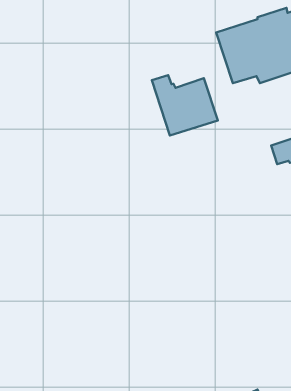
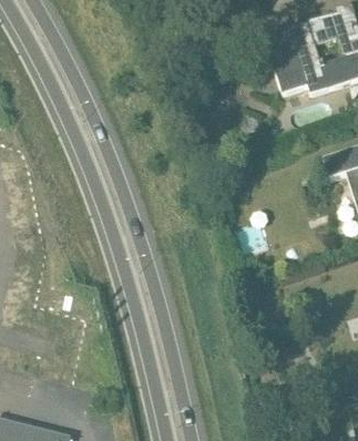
building: [152,75,218,136] -> none

